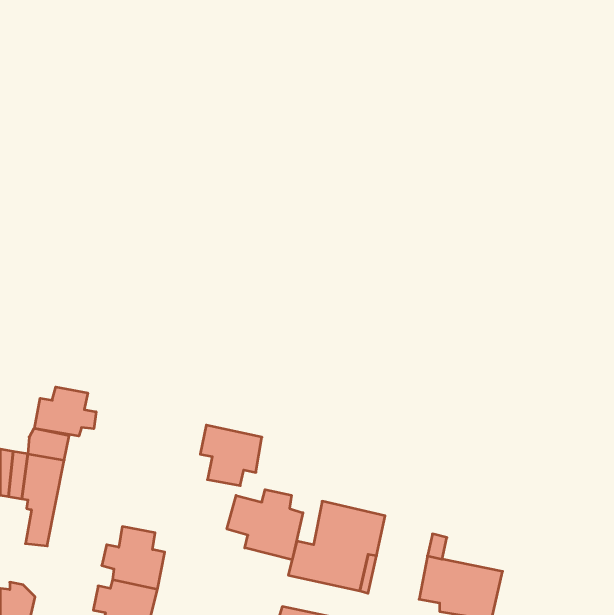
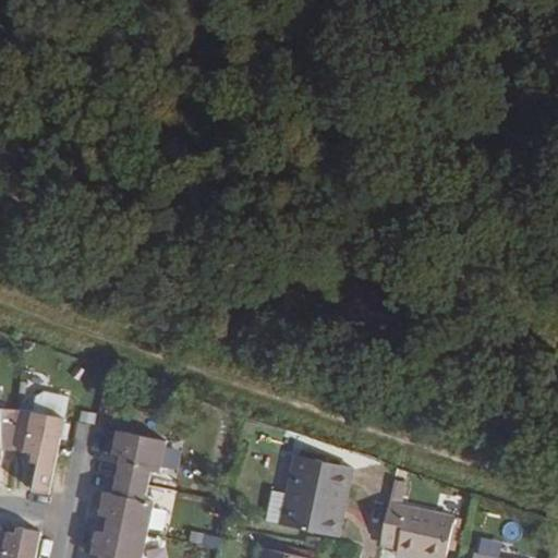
building: [34,387,96,436] -> none
building: [200,425,262,486] -> [108,428,163,483]
building: [227,490,303,560] -> none

